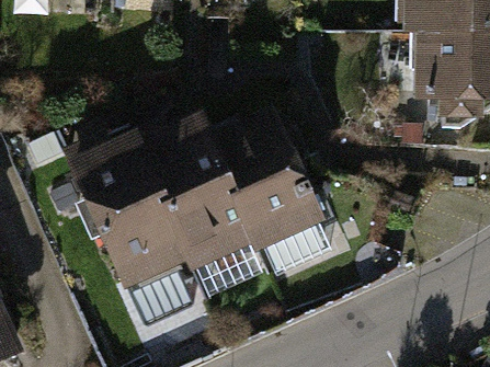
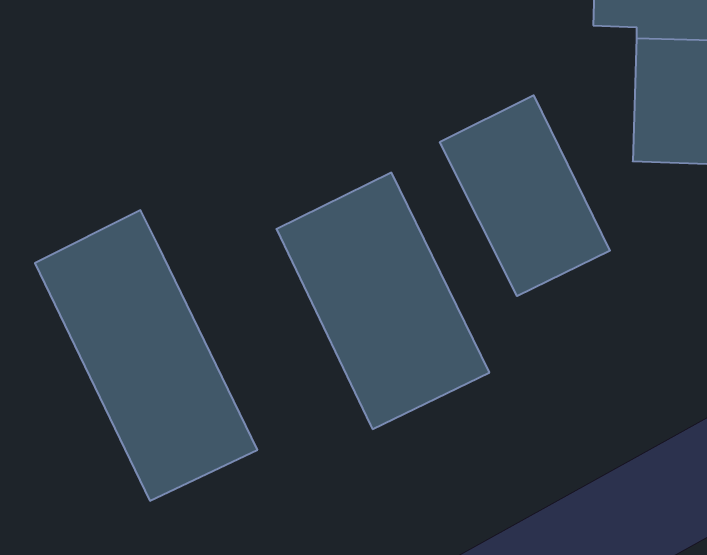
building: none -> [440,95,610,296]
building: [137,122,261,284] -> none

